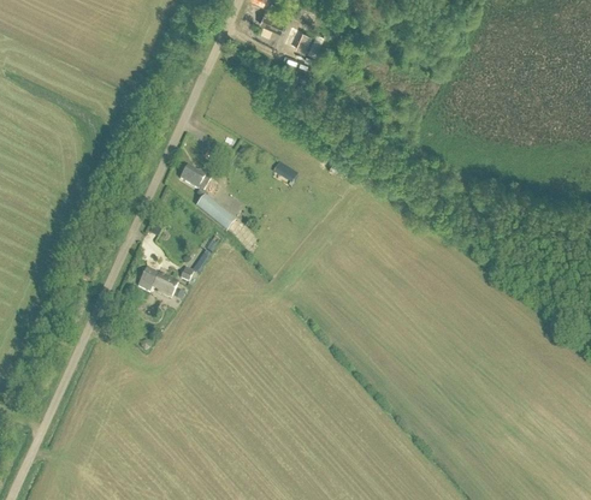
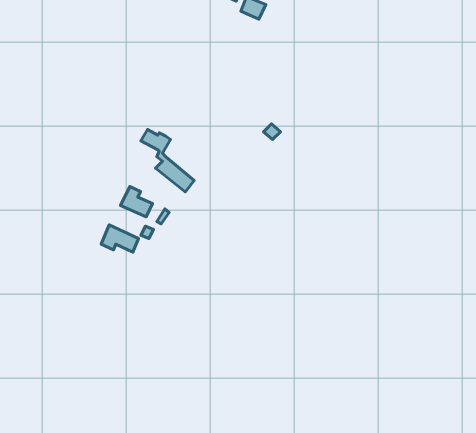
building: none -> [121,187,153,217]

